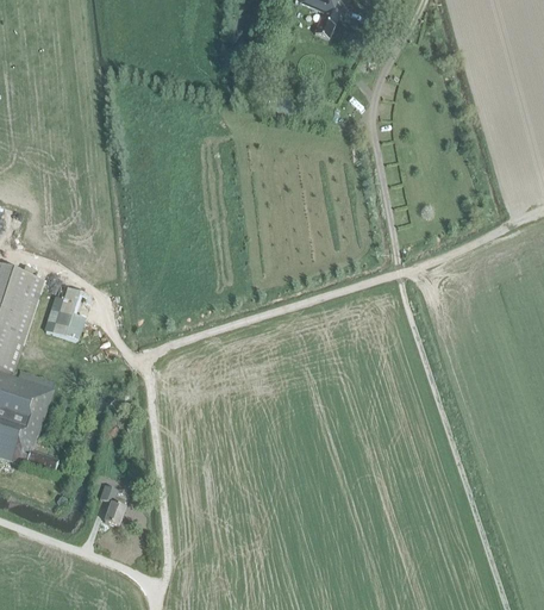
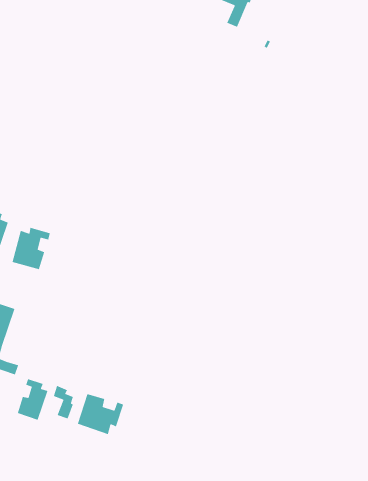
building: none -> [17,378,49,421]
building: none -> [77,393,124,435]

